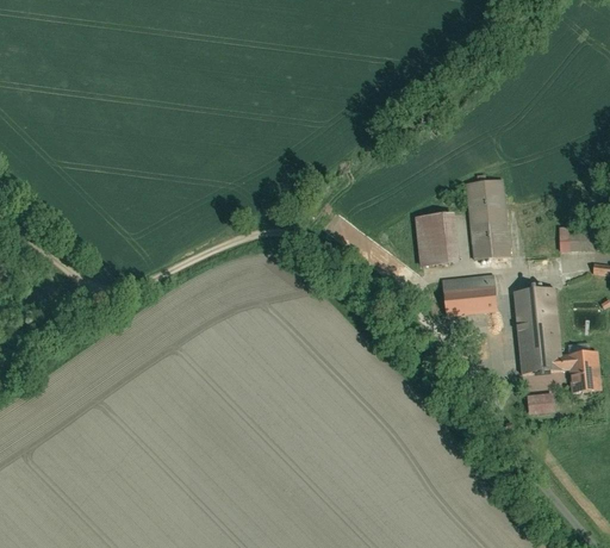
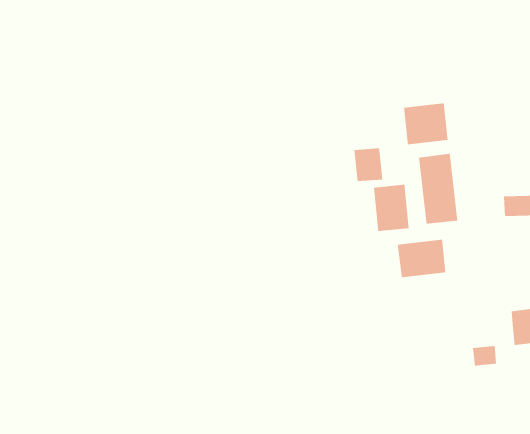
building: none -> [403,103,448,145]
building: none -> [354,147,383,182]
building: [512,288,562,373] -> none

